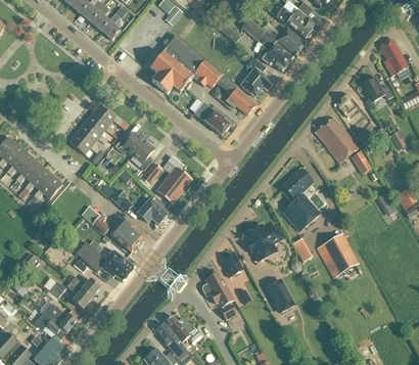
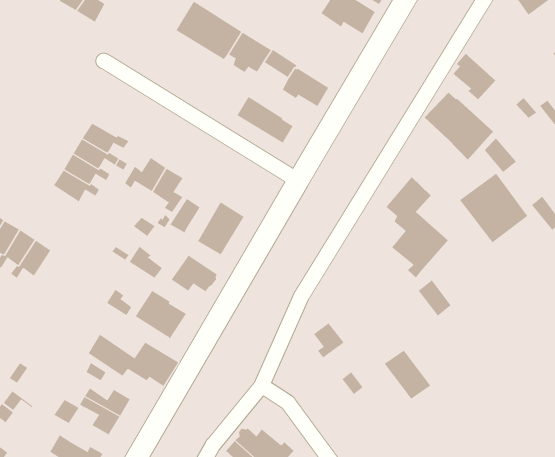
building: [150,52,193,93] -> none
building: [240,57,274,97] -> none
building: [363,76,393,101] -> none
building: [245,223,283,261] -> none
building: [316,233,359,278] -> [459,173,528,243]
building: [201,273,236,319] -> none

